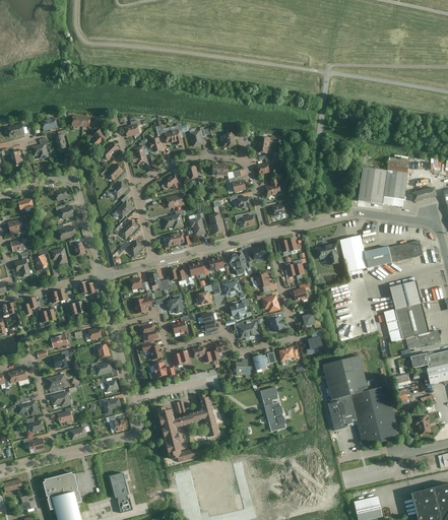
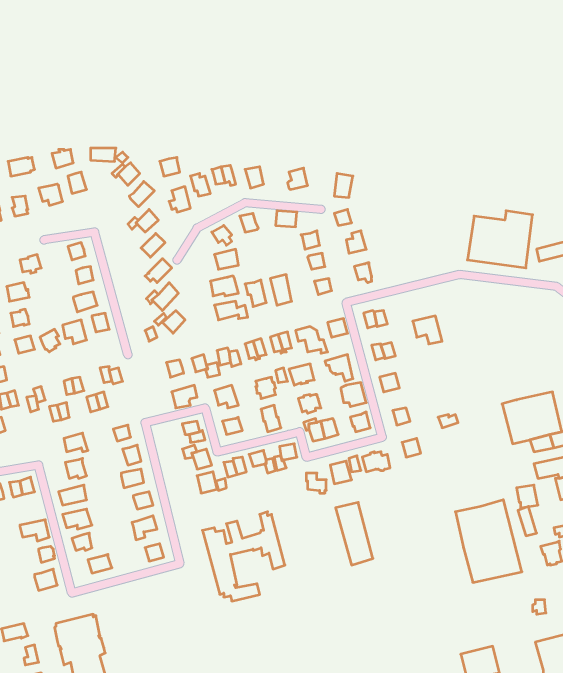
building: [338,237,423,275] -> none
building: [391,279,424,308] -> none
building: [322,353,369,431] -> none
building: [110,472,133,512] -> none

